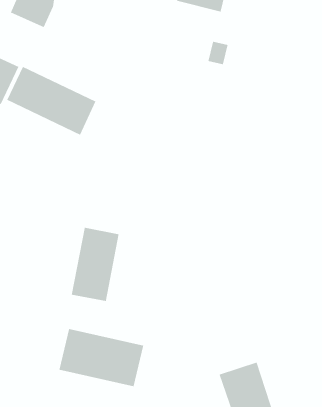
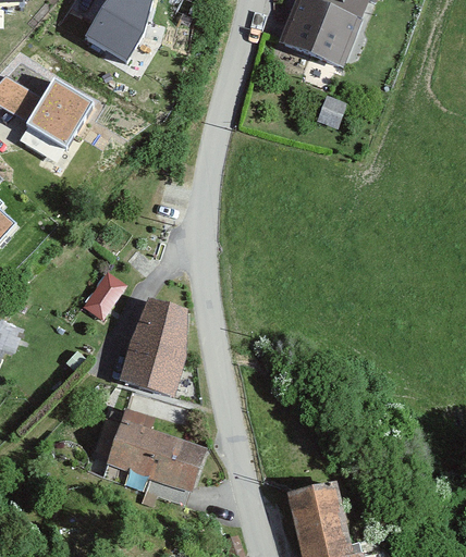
building: [6,66,97,136] -> none
building: none -> [84,271,126,319]

